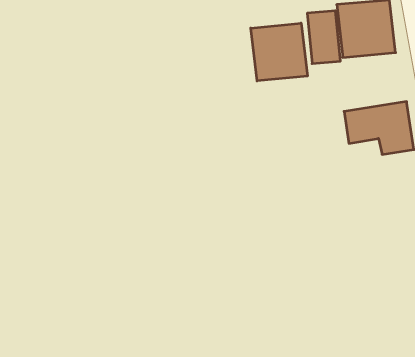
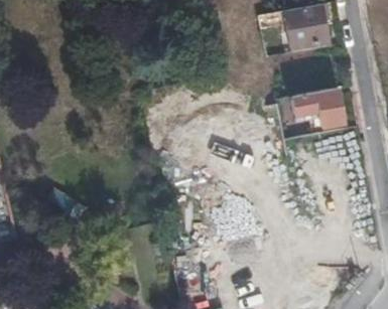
building: [251,23,307,81] -> none

